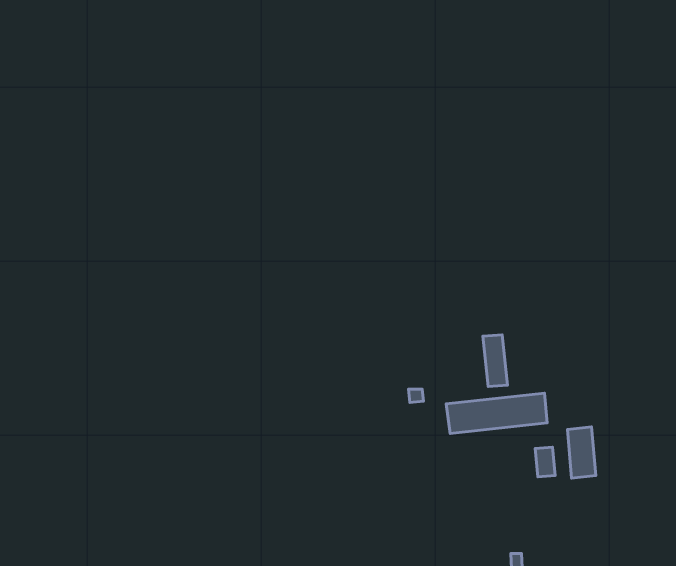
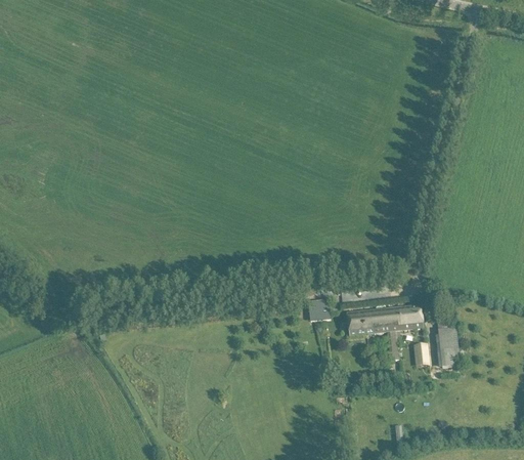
building: [483,335,508,386] -> none

